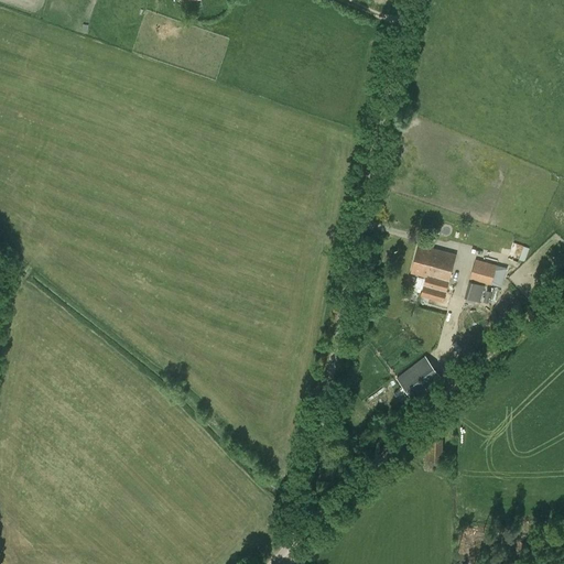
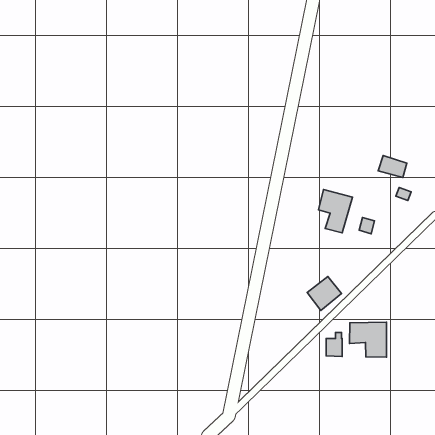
building: [469,260,507,289] -> [378,155,407,178]
building: none -> [350,322,387,357]

